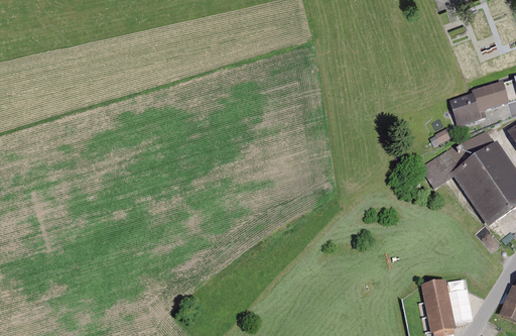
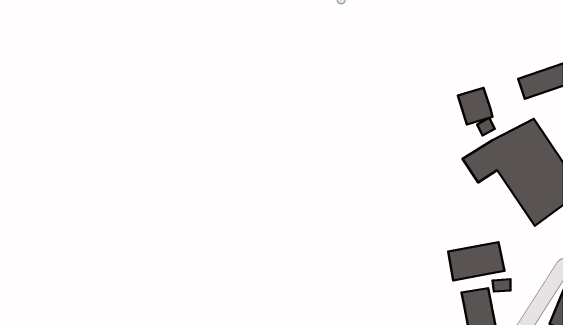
building: [450,94,482,127] -> [458,88,492,125]
building: none -> [448,242,505,281]

